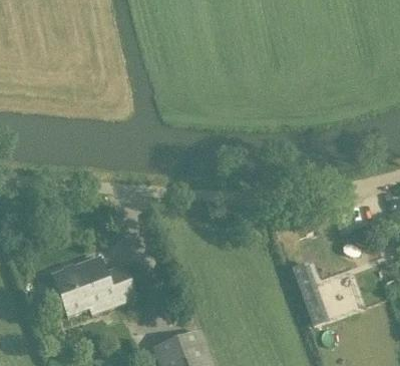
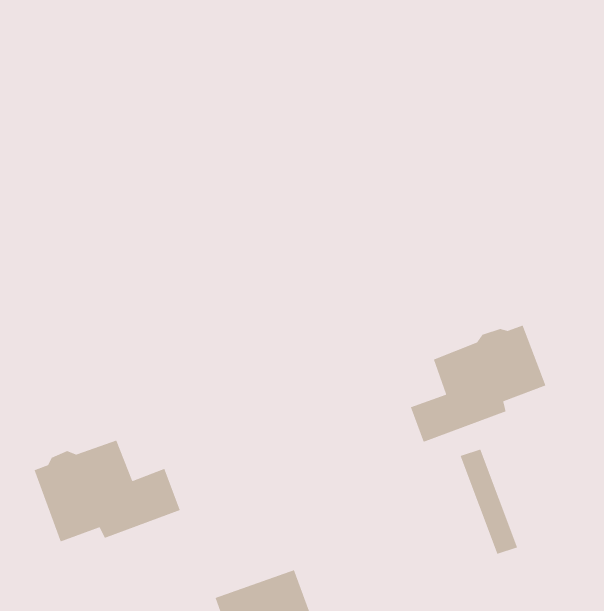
building: none -> [410,325,546,443]

